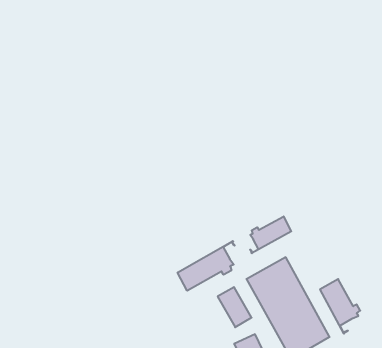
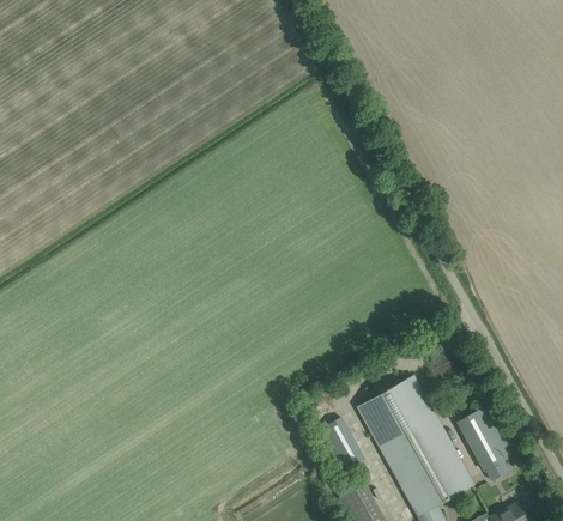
building: [250,216,291,253] -> none
building: [178,241,235,291] -> none

